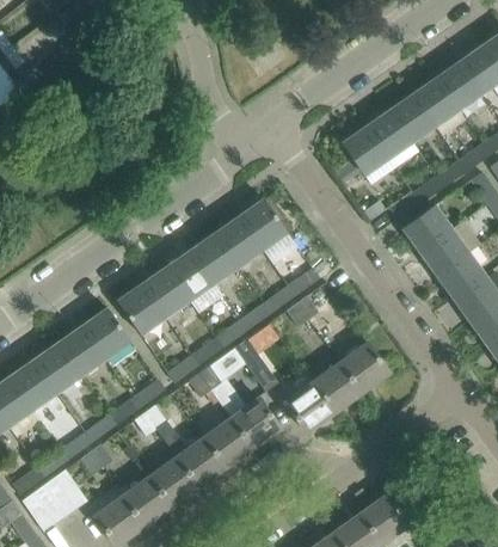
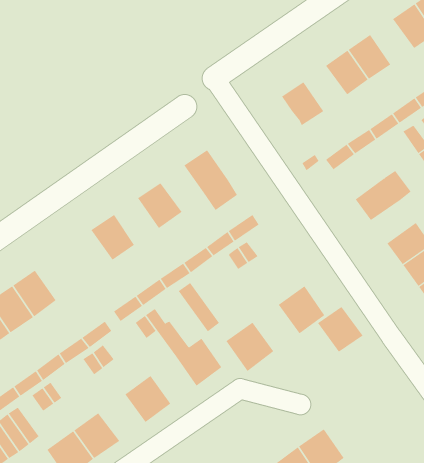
building: [437,61,482,109] -> none
building: [367,110,412,158] -> none
building: [404,205,451,251] -> none
building: [216,215,263,264] -> none
building: [167,250,214,299] -> none
building: [437,252,485,297] -> none
building: [118,283,165,333] -> none
building: [84,307,131,357] -> none
building: [313,362,362,411] -> [317,306,364,353]
building: [205,417,253,466] -> none
building: [150,456,199,505] -> none

